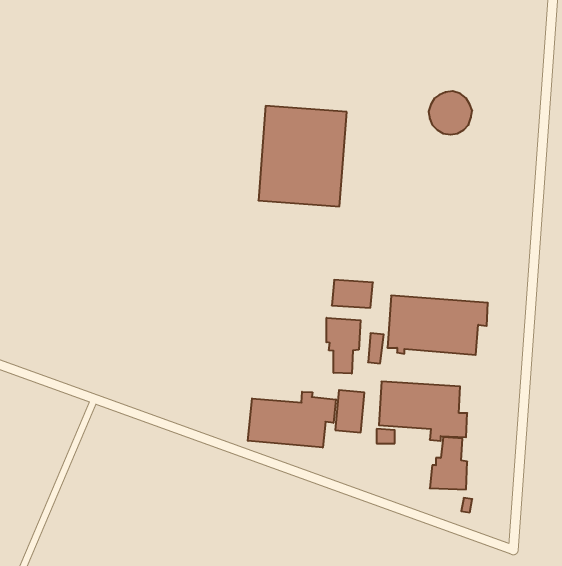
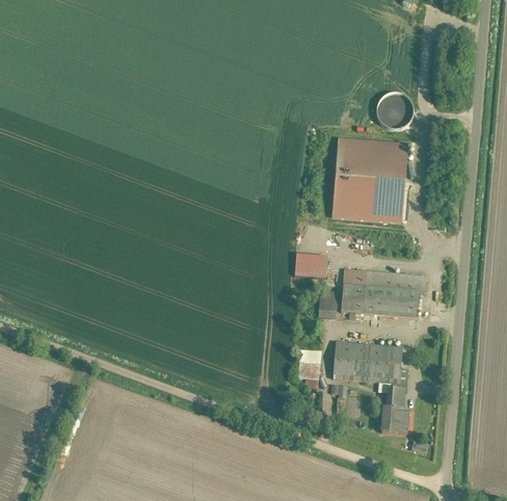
building: [258,106,347,206] -> [332,137,408,223]
building: [326,318,361,374] -> none
building: [248,392,336,448] -> none

